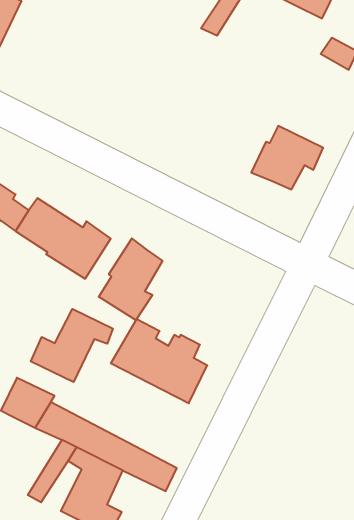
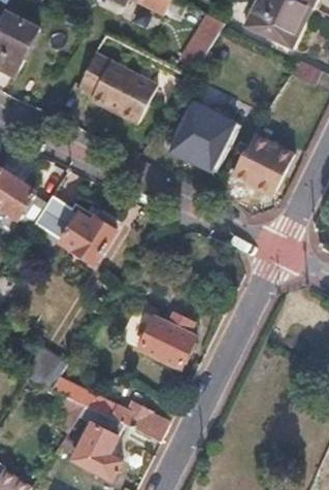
building: none -> [77,54,158,124]
building: none -> [166,99,237,171]
building: [99,238,162,320] -> none
building: [31,309,113,382] -> none

